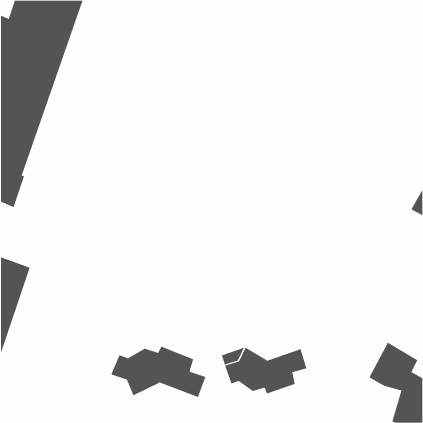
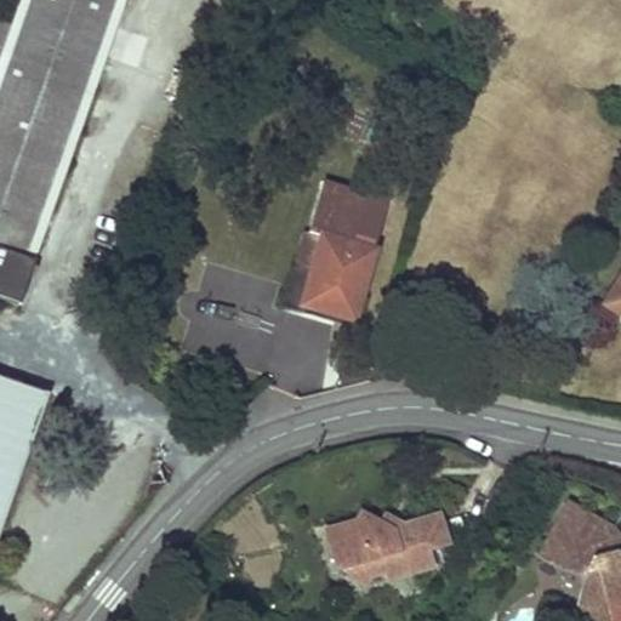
building: none -> [291,181,386,324]
building: [110,346,206,398] -> none

